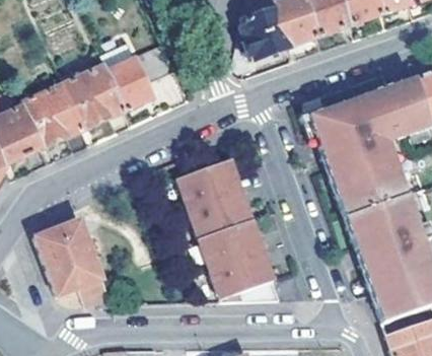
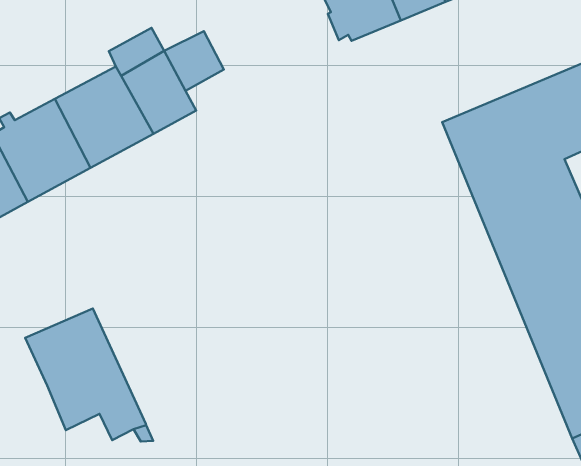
building: [181,156,277,301] -> none

